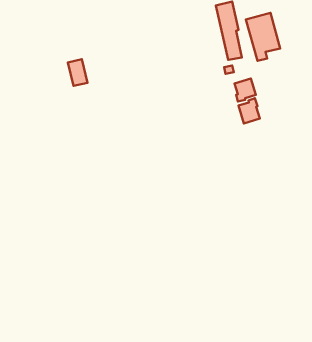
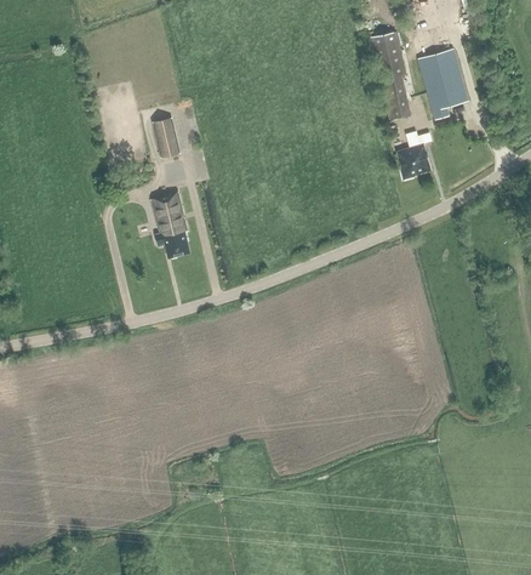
building: [239,98,260,123] -> none
building: none -> [152,190,189,257]

